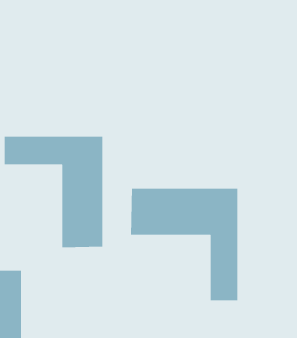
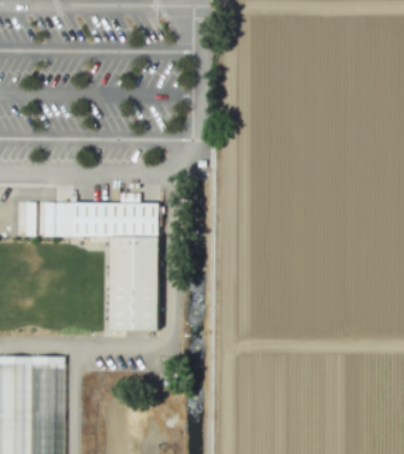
building: [130,188,238,301] -> none

